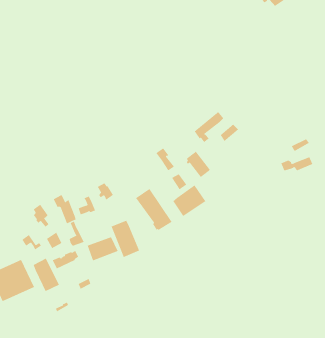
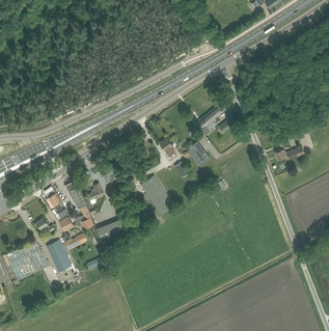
building: [173,185,206,217] -> none
building: [111,220,140,258] -> none

